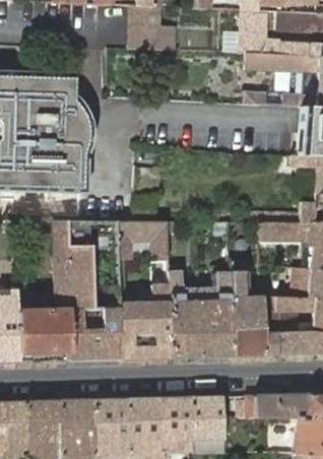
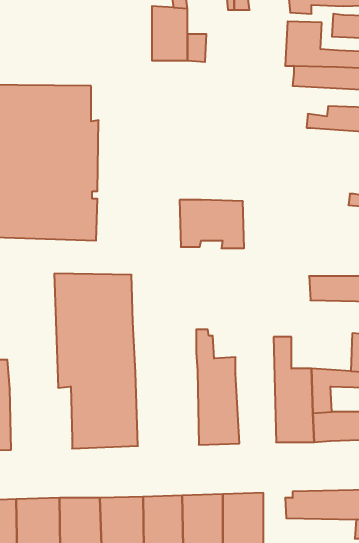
building: [117,221,169,260] -> [180,200,244,248]
building: [200,271,233,356] -> none
building: [120,283,171,358] -> none
building: [19,311,69,362] -> none

